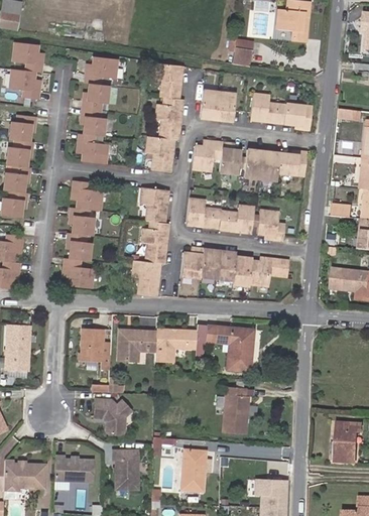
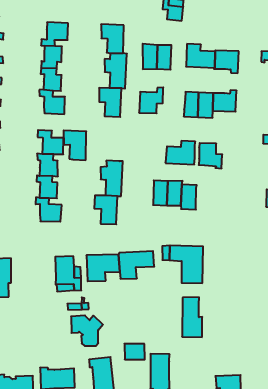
building: [219,141,241,173] -> none
building: [140,186,167,223] -> [64,130,86,160]
building: [186,198,221,228] -> none
building: [180,247,203,277] -> none
building: [249,258,288,285] -> none

